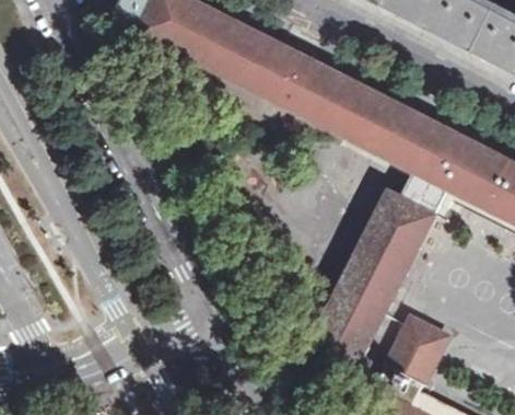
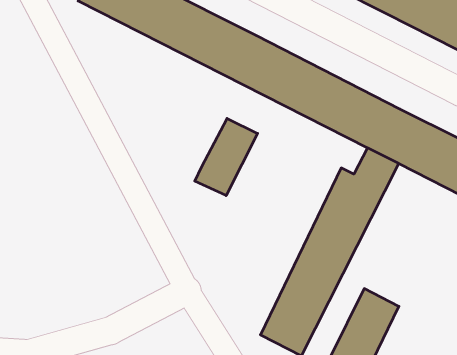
building: none -> [195,118,258,196]

